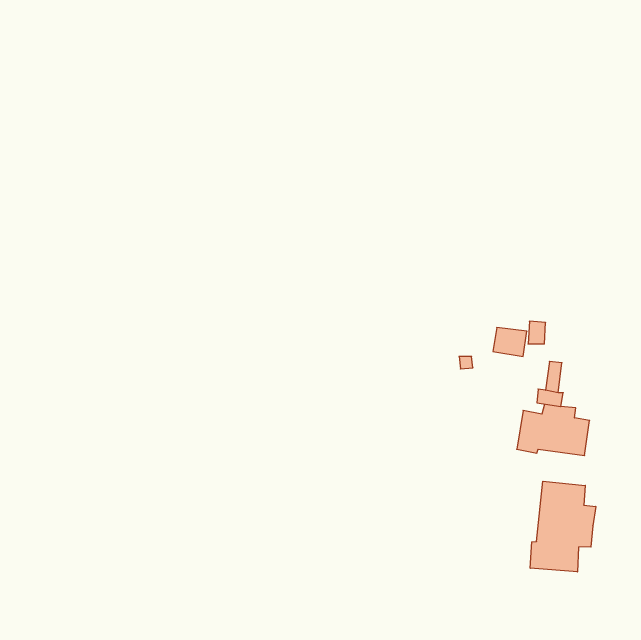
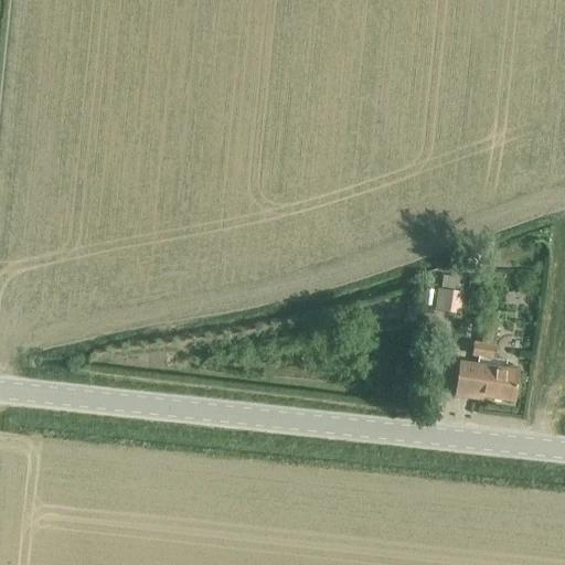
building: [530,481,596,572] -> none

